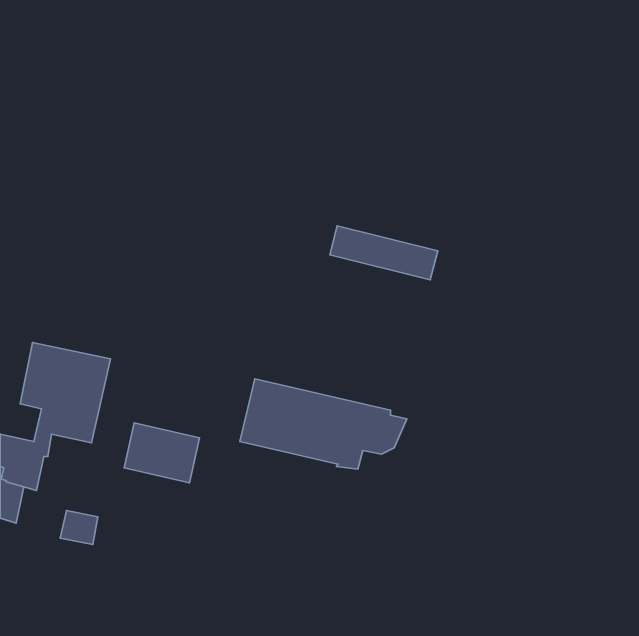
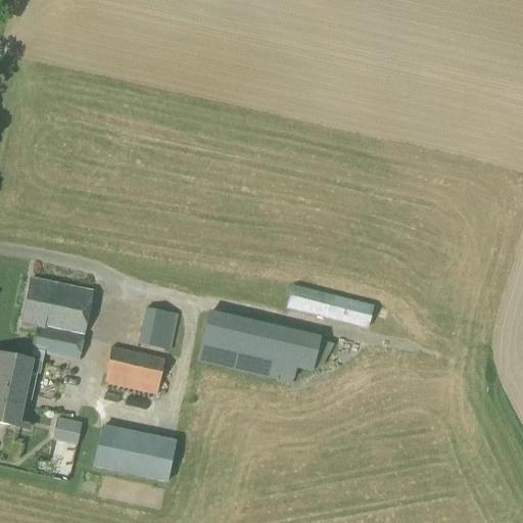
building: [330,226,438,280] -> [286,283,374,327]
building: none -> [138,305,179,348]
building: none -> [93,423,177,481]

